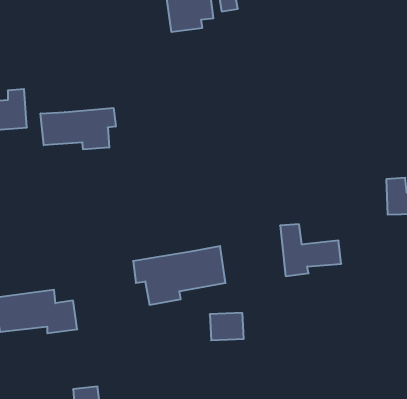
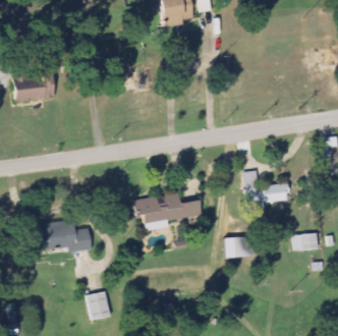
building: [41,108,116,149] -> none
building: none -> [291,234,317,250]
building: [210,313,244,340] -> [222,237,247,258]

